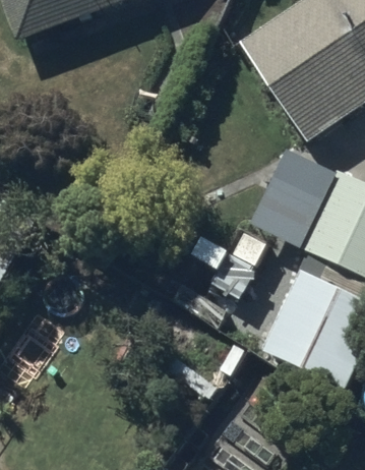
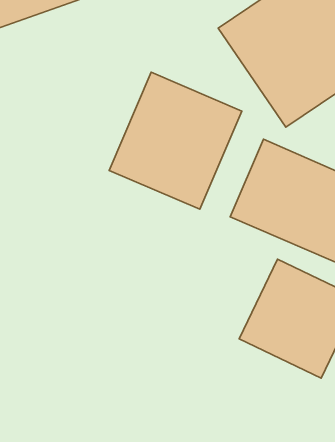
building: none -> [109,72,242,209]

